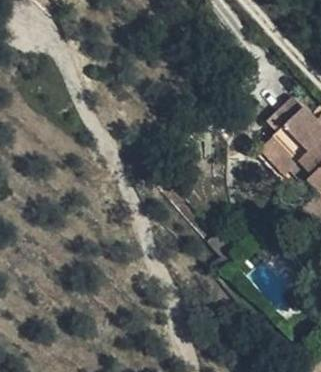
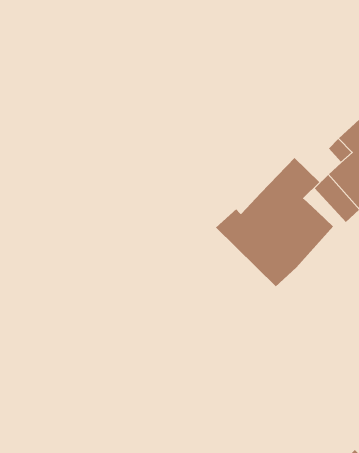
building: none -> [215,157,334,287]

